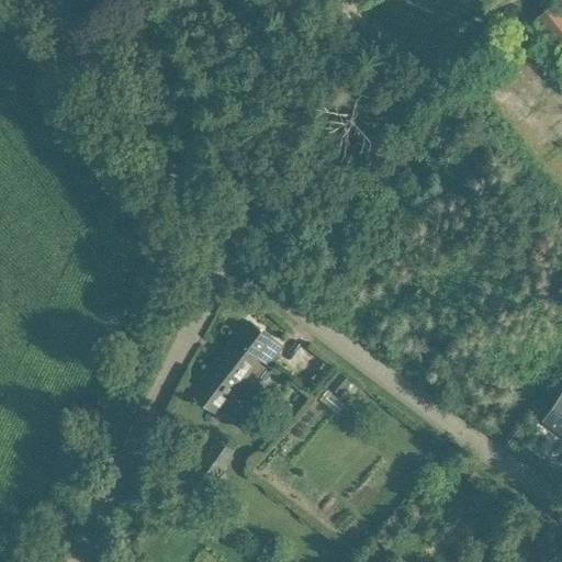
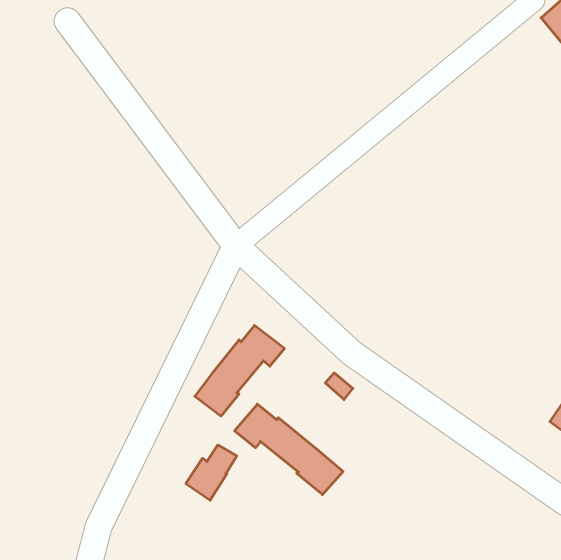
building: none -> [235,404,343,495]

